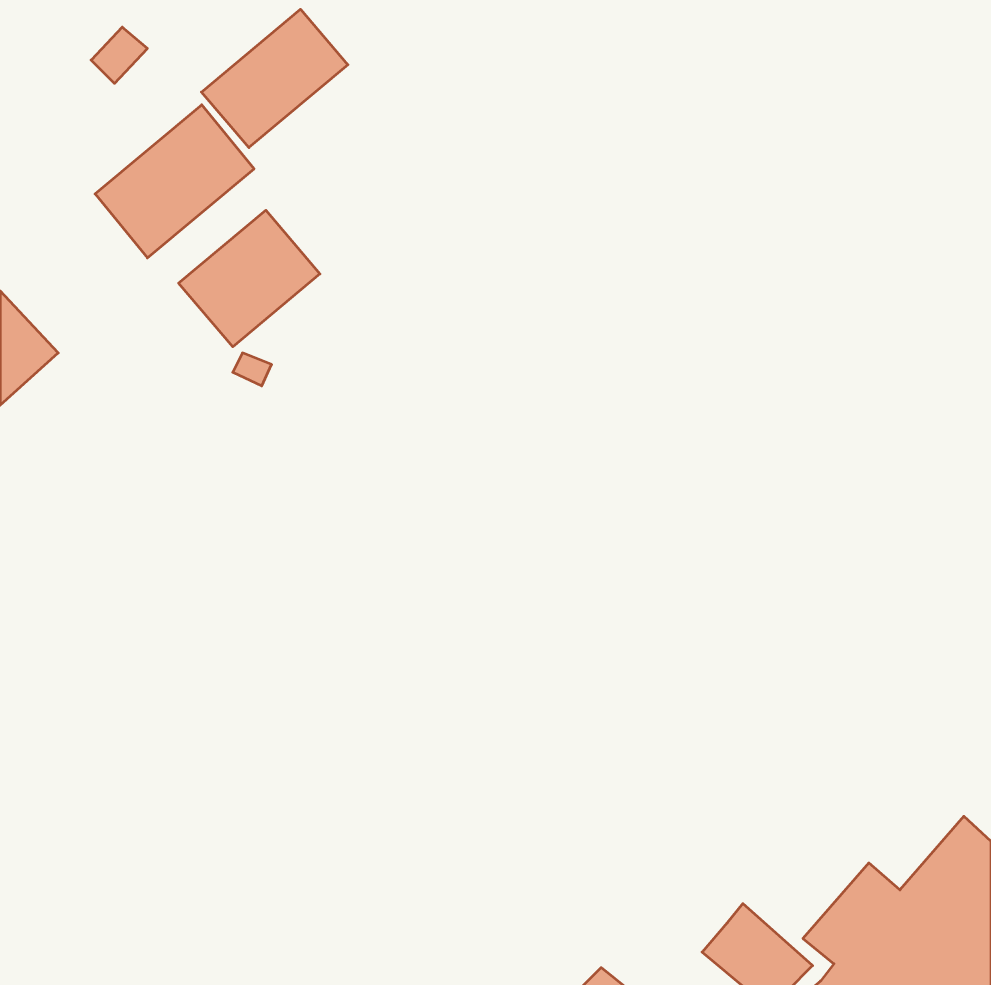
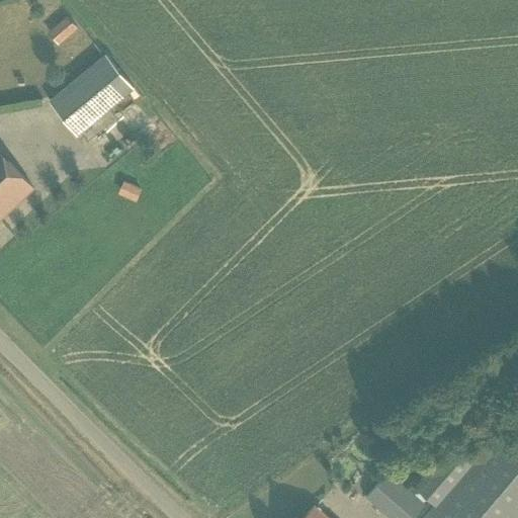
building: [201,9,348,148] -> none
building: [179,210,320,347] -> none

